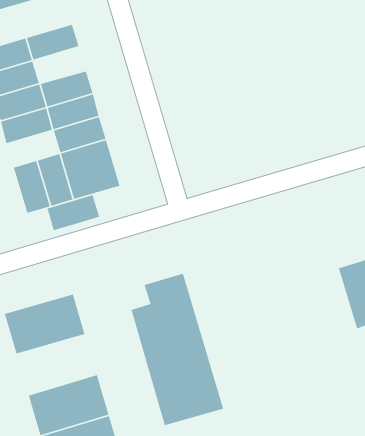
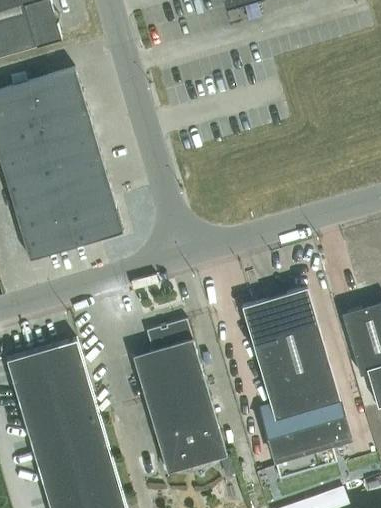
building: none -> [35,92,89,129]
building: [46,194,100,231] -> [8,176,62,213]
building: none -> [241,287,351,478]
building: none -> [18,381,100,442]

